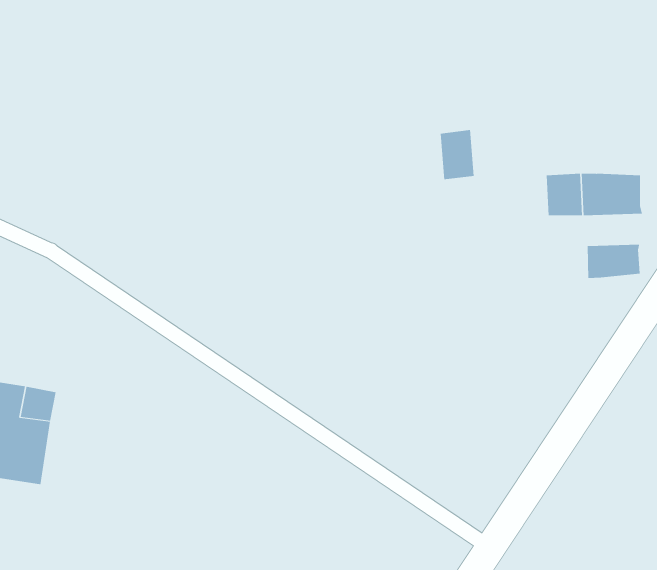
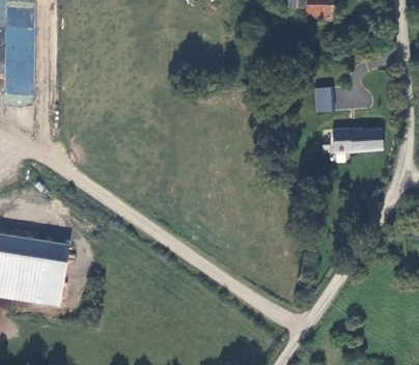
building: [440,130,475,180] -> [314,87,333,114]
building: [587,244,640,279] -> none

